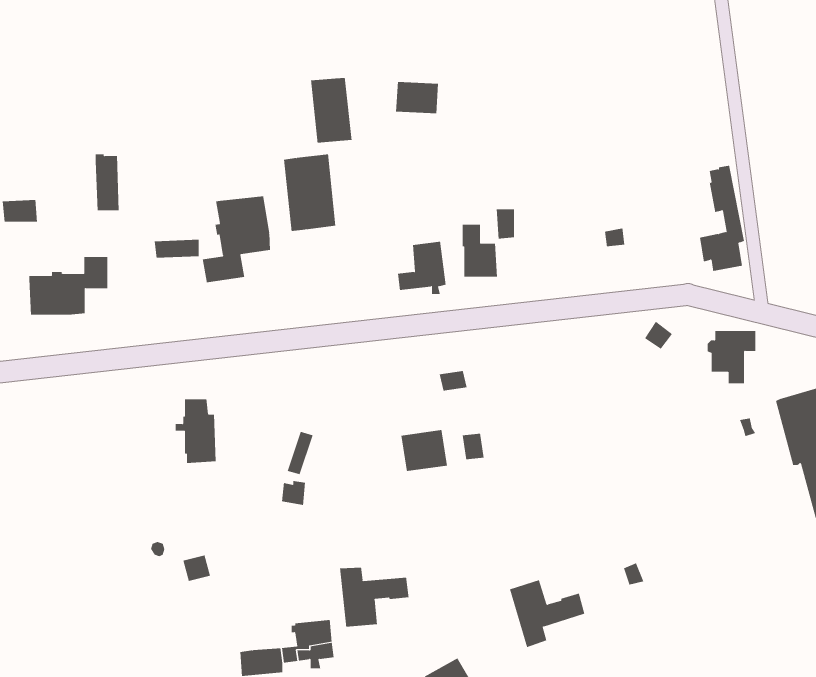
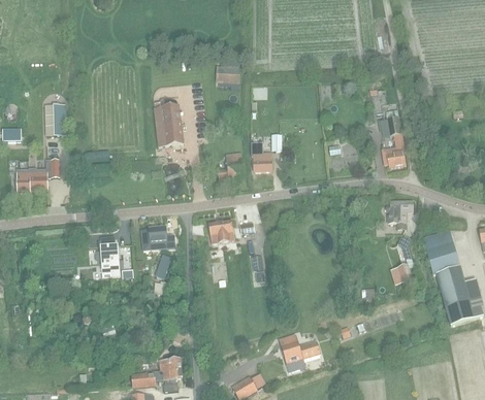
building: [310,77,352,143] -> none
building: [202,196,270,283] -> none
building: none -> [141,227,175,247]
building: [400,430,448,471] -> [207,220,233,242]
building: [339,567,409,627] -> none

